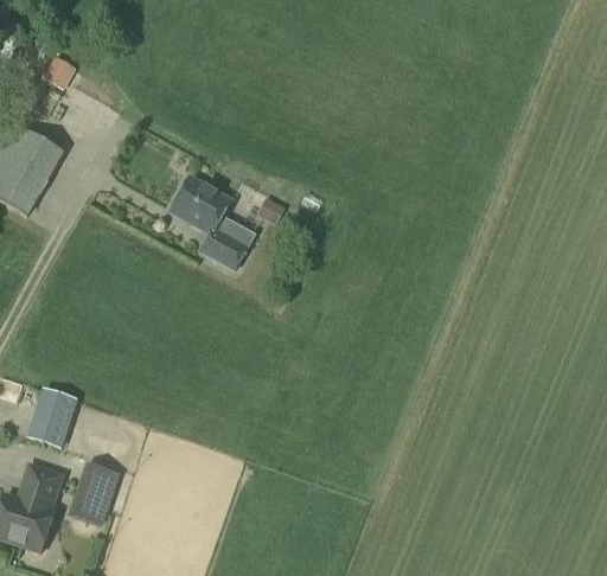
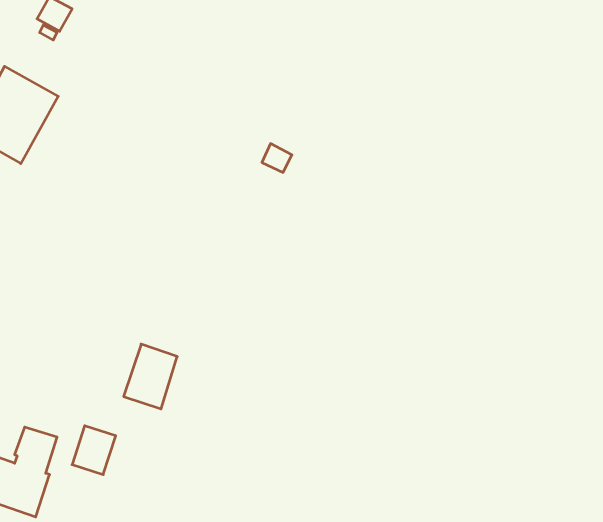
building: [172,175,255,267] -> none
building: [26,386,77,448] -> [124,344,177,409]

